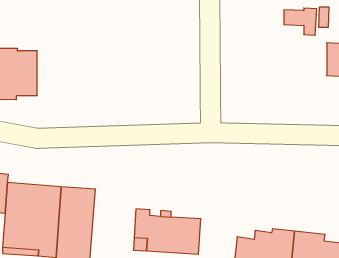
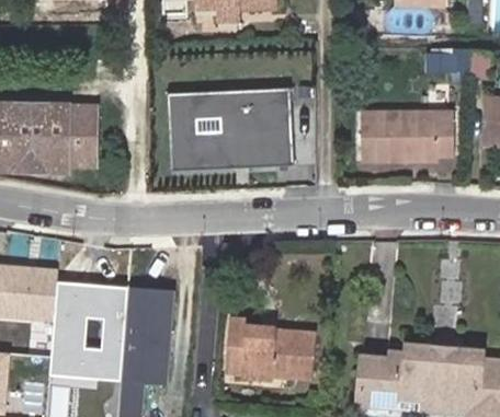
building: none -> [164,89,295,167]
building: none -> [359,105,457,158]

